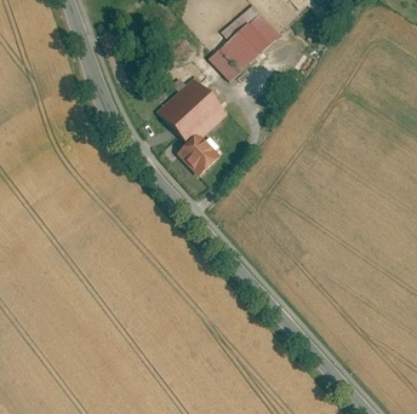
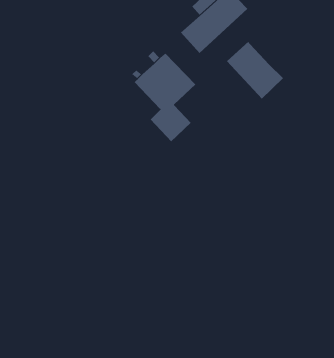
building: none -> [226,41,284,99]

